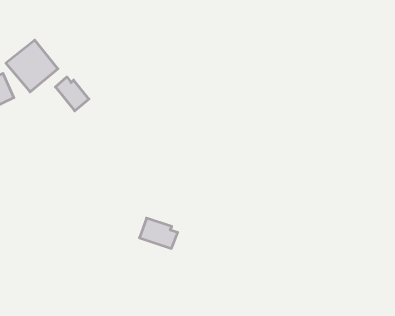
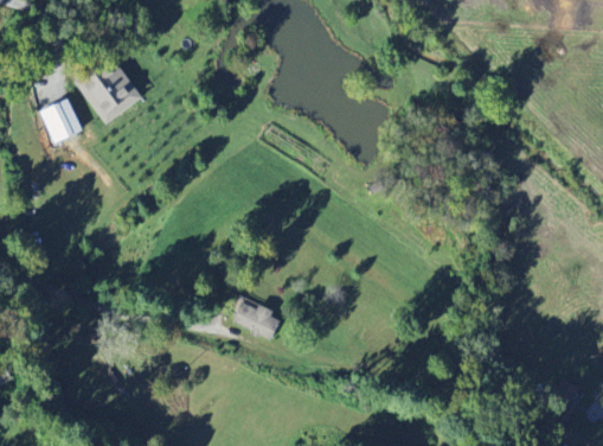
building: [55,77,89,111] -> none

